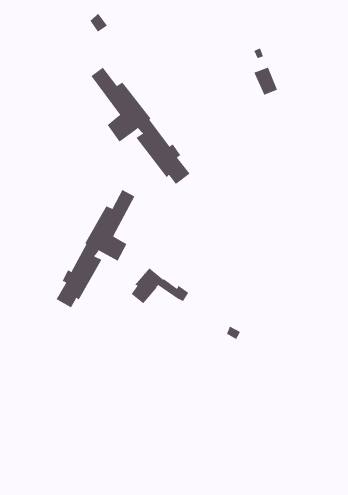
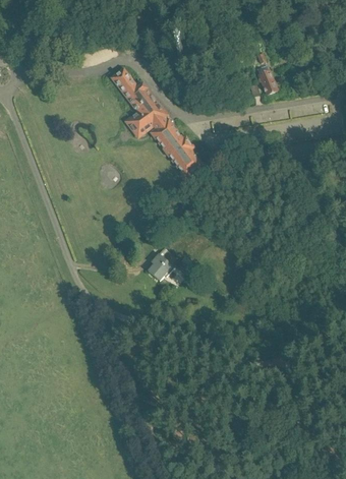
building: [56,189,135,308] -> none

